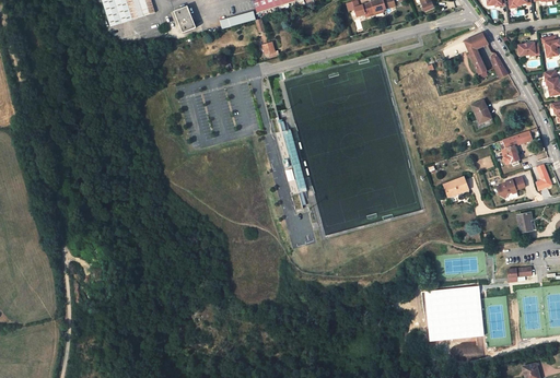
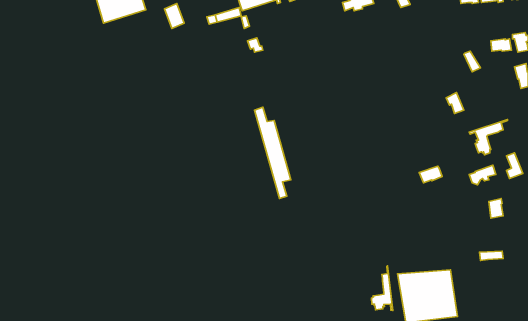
building: [464,33,488,74] -> none
building: none -> [371,266,393,310]

